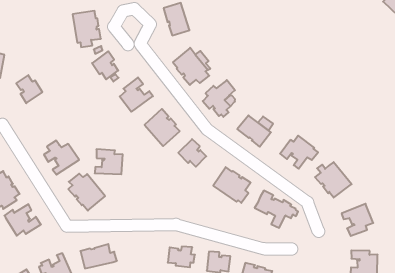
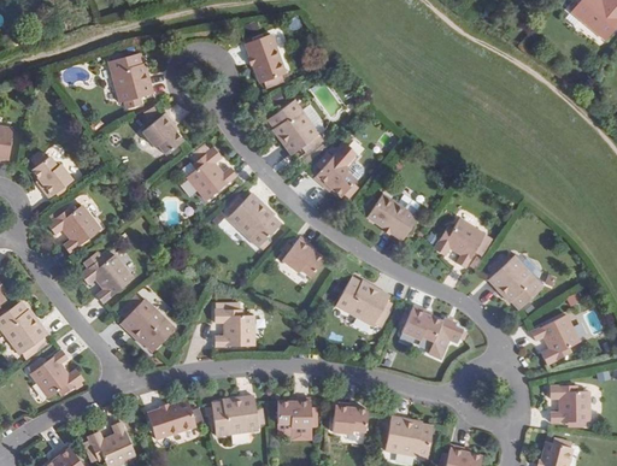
building: none -> [49,205,101,253]
building: [95,149,123,174] -> [215,311,254,347]
building: none -> [215,396,265,433]

